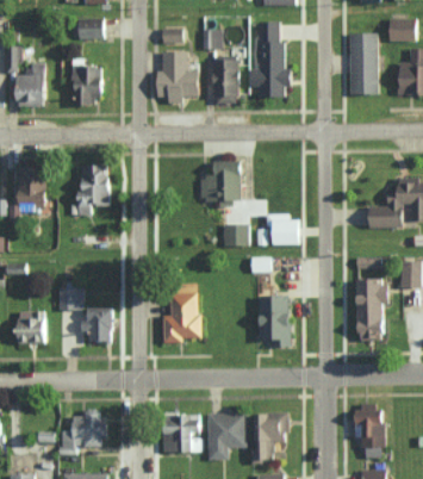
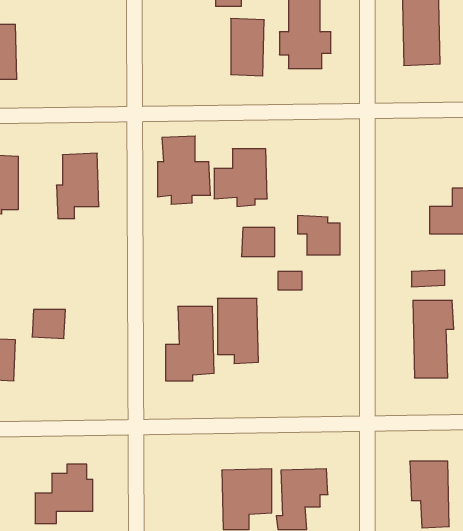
building: [157,50,199,104] -> [157,136,211,204]
building: [73,66,101,106] -> none
building: [259,296,291,347] -> [217,298,258,364]
building: [82,306,112,342] -> none
building: [163,415,200,453] -> none

